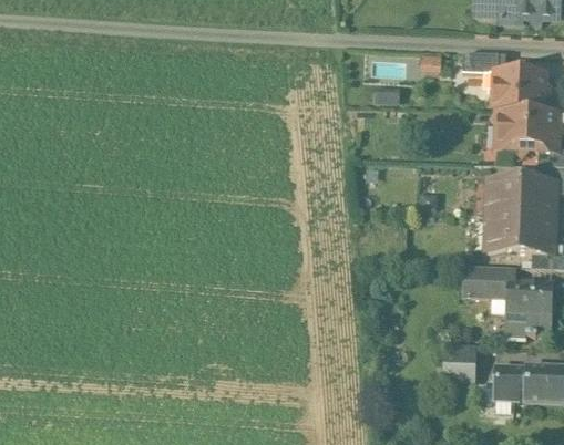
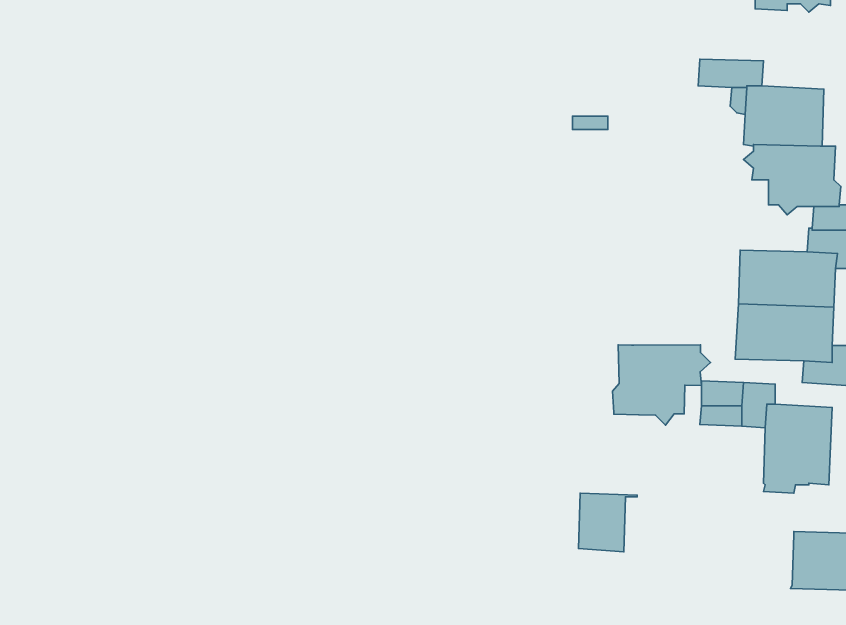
building: none -> [612,345,710,425]
building: [444,344,483,383] -> [578,493,637,552]
building: [495,365,526,401] -> none

